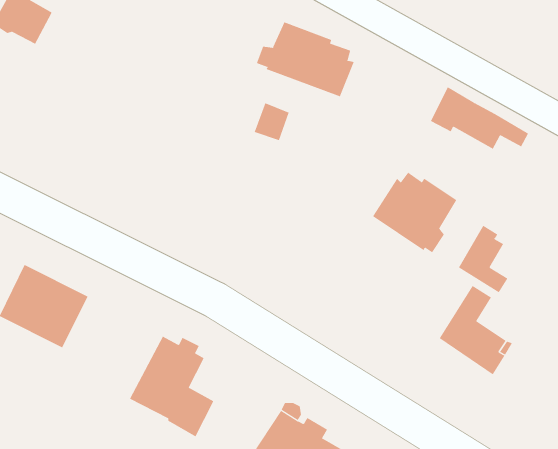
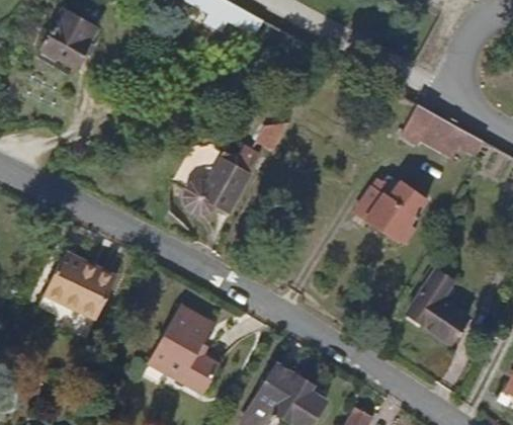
building: [256,22,355,97] -> none
building: none -> [186,149,259,212]
building: [458,225,508,293] -> none

